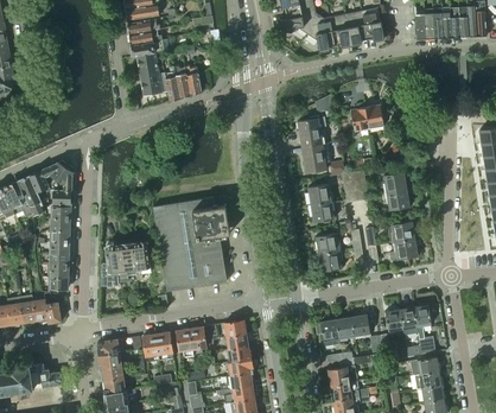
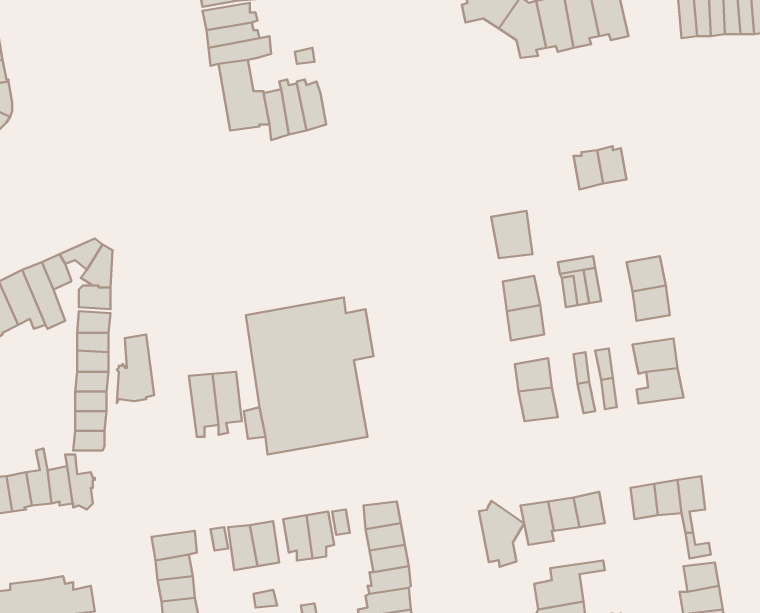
building: [298,116,325,148] -> none
building: [101,244,123,286] -> [117,334,154,403]
building: none -> [479,501,524,567]

